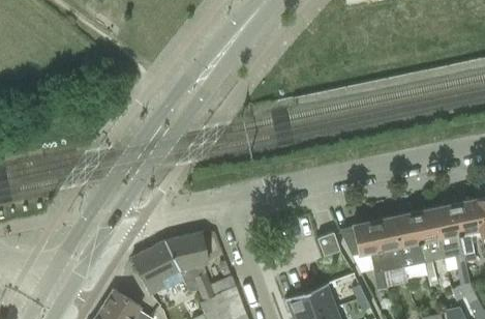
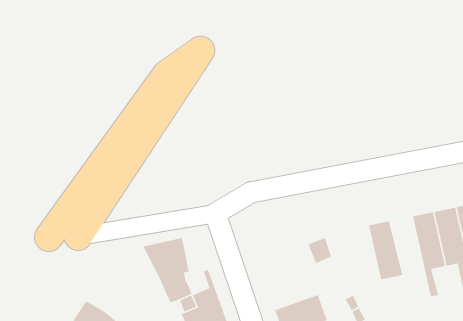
building: [393,212,425,267] -> none
building: [340,221,388,289] -> none
building: [132,240,185,295] -> none

